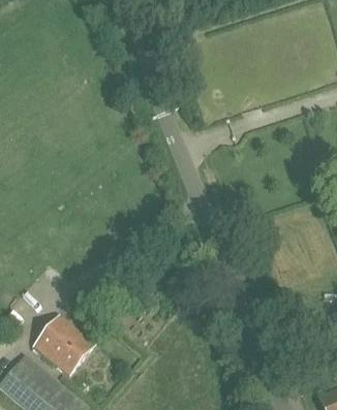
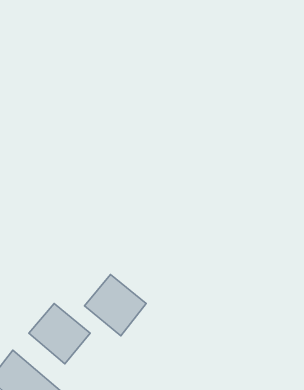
building: none -> [84,275,146,336]

